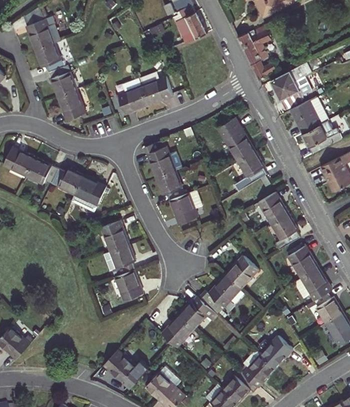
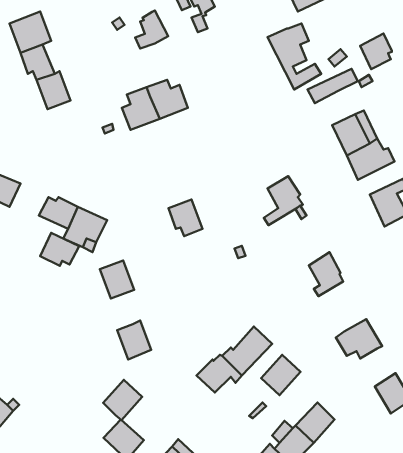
building: [181,10,208,41] -> [135,10,168,48]
building: [277,80,303,109] -> [360,34,392,69]
building: [58,88,86,119] -> none
building: [218,116,255,160] -> none
building: [148,145,176,176] -> none
building: [27,156,59,183] -> [40,233,79,266]
building: [258,190,289,223] -> none
building: [170,191,198,222] -> none
building: [110,243,136,274] -> none
building: [288,245,319,277] -> none
building: [227,254,259,287] -> [261,355,300,395]
building: [314,291,343,322] -> none
building: [163,313,195,346] -> [103,380,142,420]

